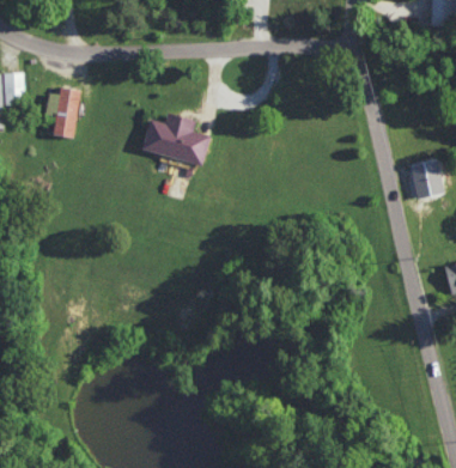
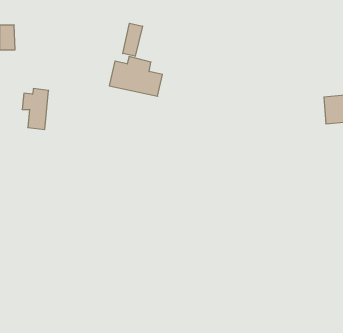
building: none -> [123,23,142,56]
building: [45,86,79,138] -> [22,89,49,129]

